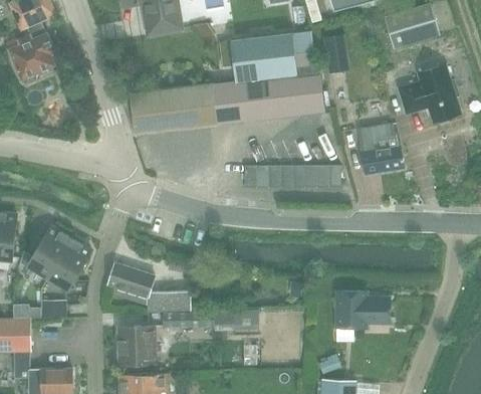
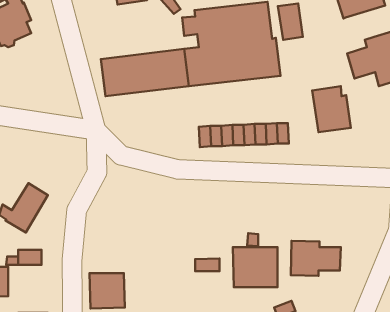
building: [48,241,93,294] -> none
building: [107,262,214,327] -> none
building: none -> [233,247,278,287]

